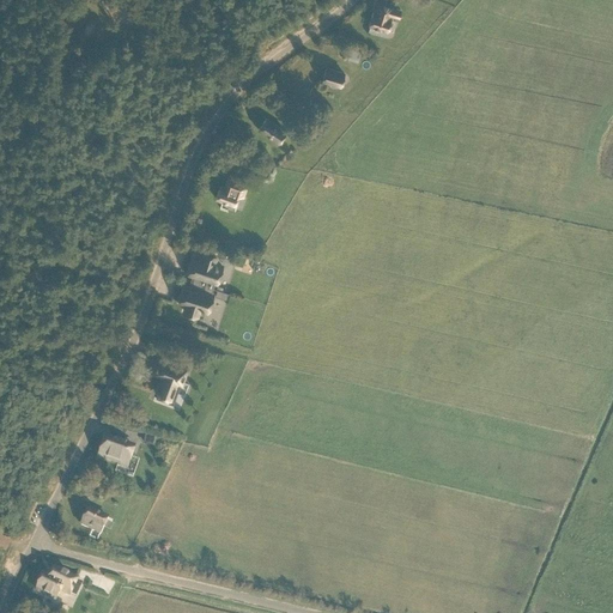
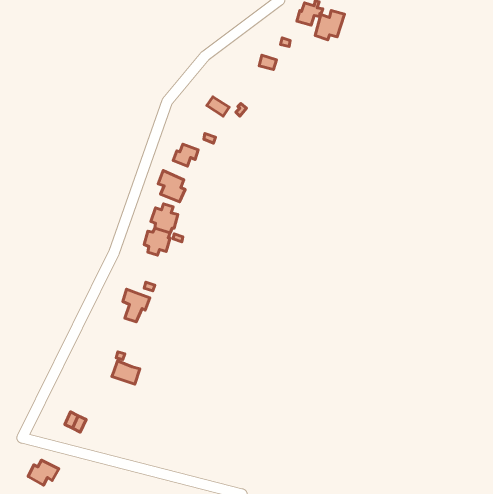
building: none -> [315,11,344,40]
building: none -> [158,171,185,202]
building: [97,438,132,467] -> [112,361,140,384]

